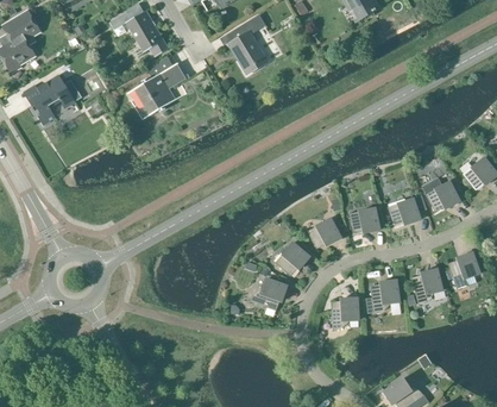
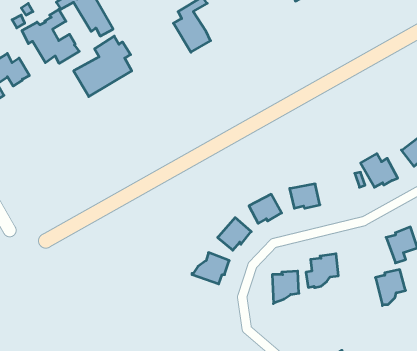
building: none -> [22,9,79,63]
building: [388,198,420,225] -> none
building: [411,268,442,305] -> [375,270,406,306]

